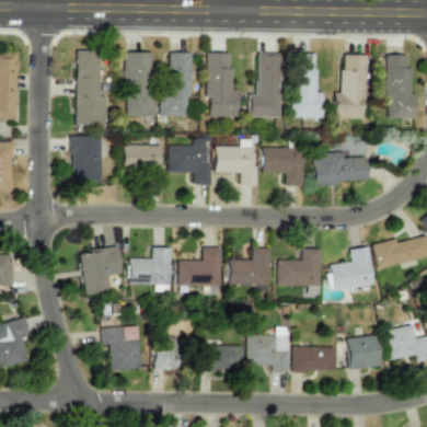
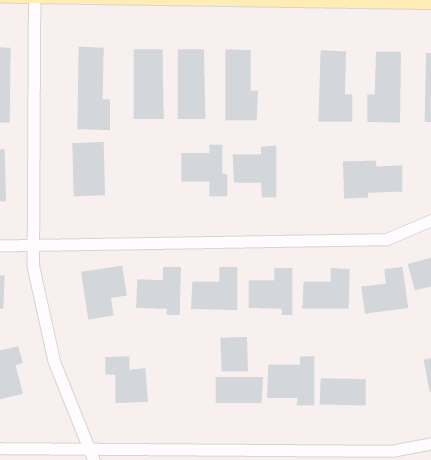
building: [250,55,282,117] -> none
building: [124,145,162,169] -> none
building: [264,148,305,186] -> none
building: [348,336,381,369] -> none
building: [154,338,181,370] -> [220,336,249,372]

